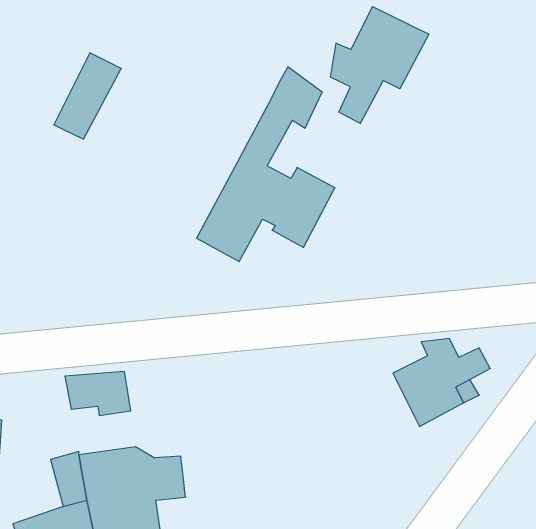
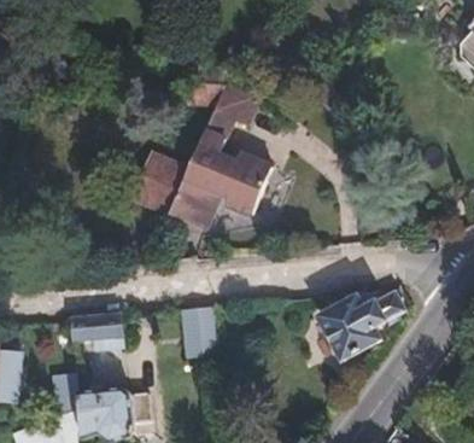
building: [331,7,429,124] -> none
building: [54,53,121,139] -> [147,142,199,209]
building: none -> [177,308,215,362]

